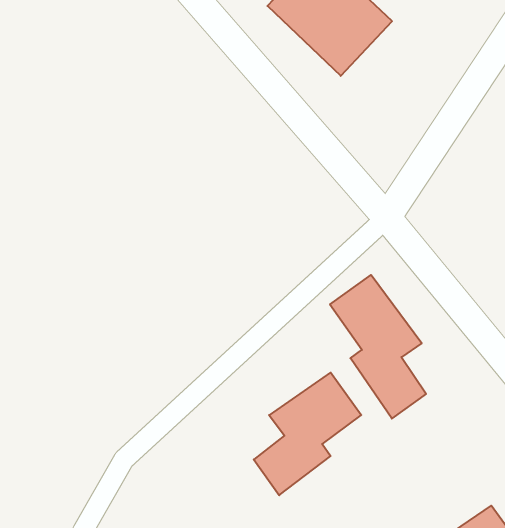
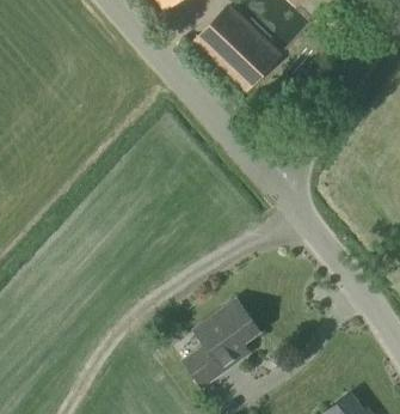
building: [330,275,426,419] -> none

